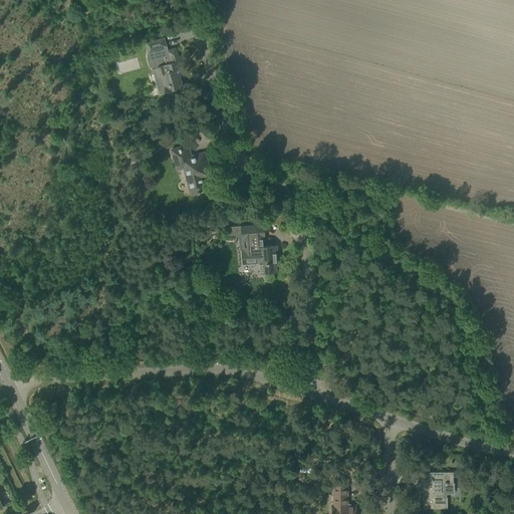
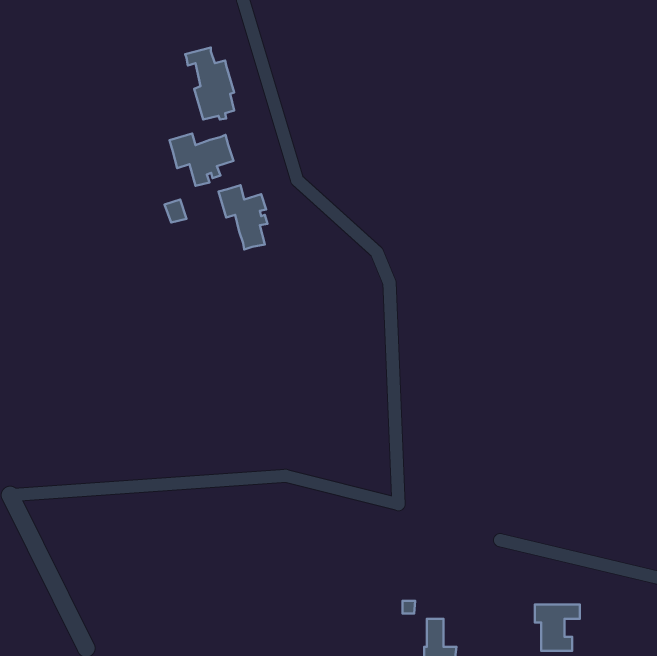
building: none -> [169,134,234,186]
building: [241,226,277,274] -> none

